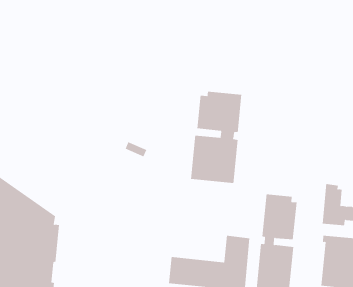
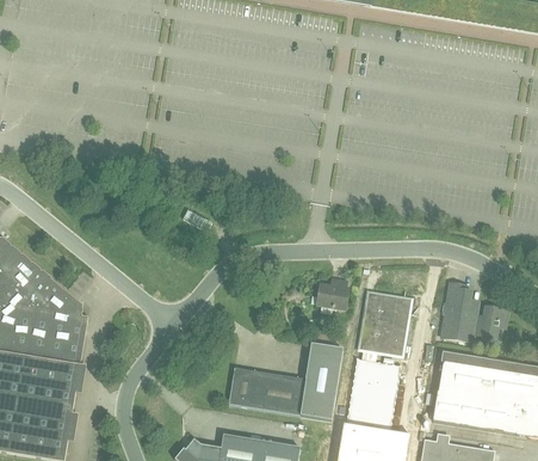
building: [190,91,242,184] -> none
building: none -> [316,278,347,309]

